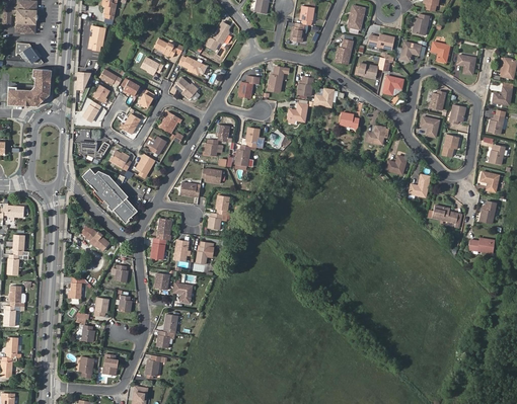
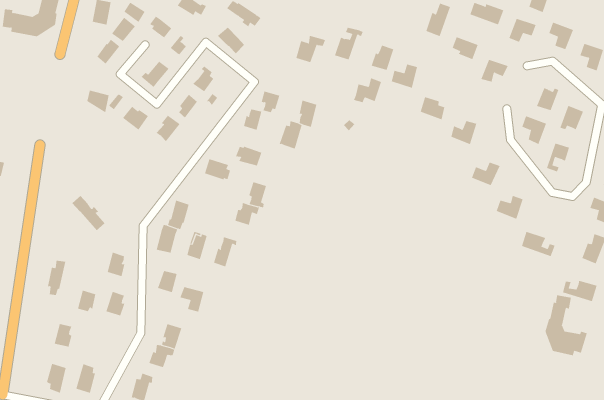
building: [82,168,138,222] -> none
building: none -> [545,295,587,356]

